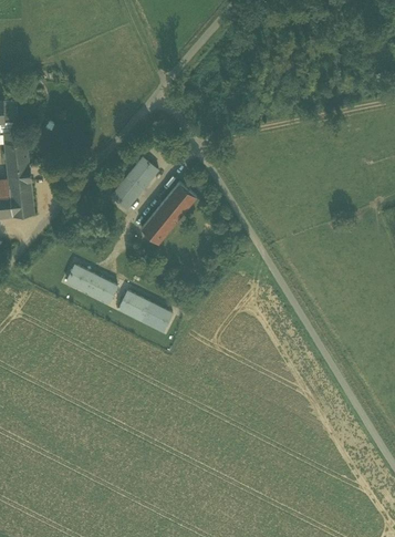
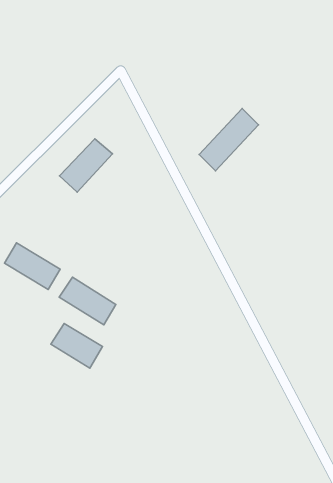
building: [142,182,196,242] -> [199,109,258,171]
building: none -> [51,324,102,368]

